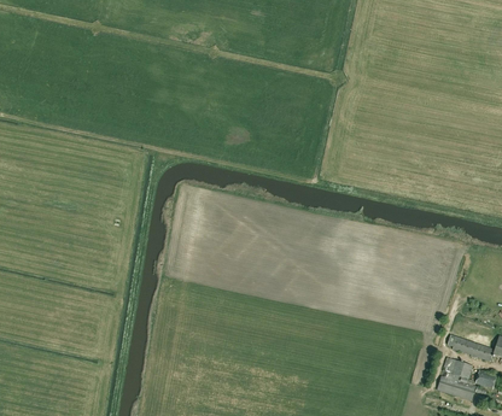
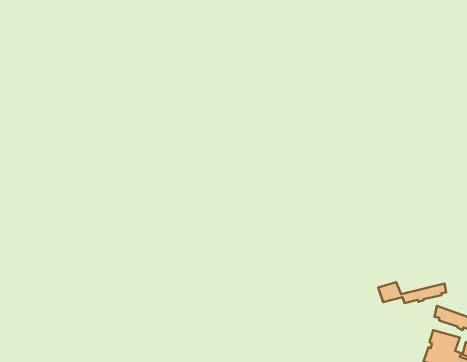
building: none -> [378,282,446,303]

